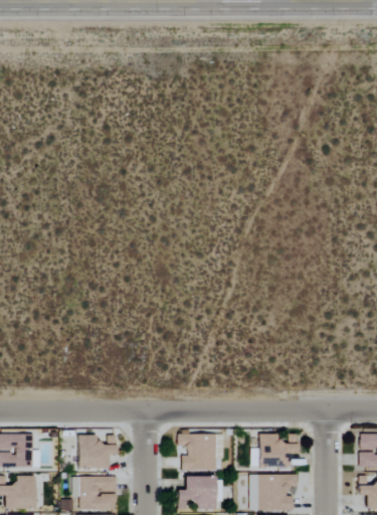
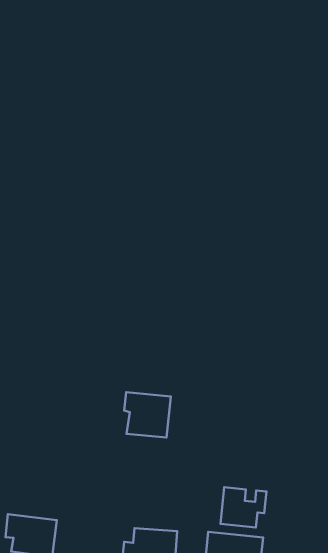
building: [177,435,216,471] -> [124,392,171,438]
building: [77,436,116,469] -> none

